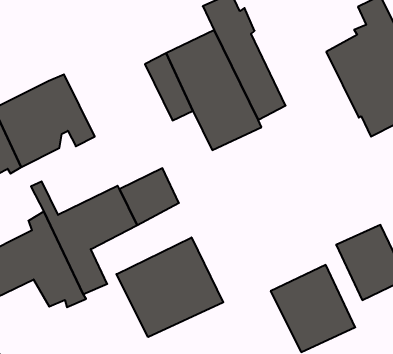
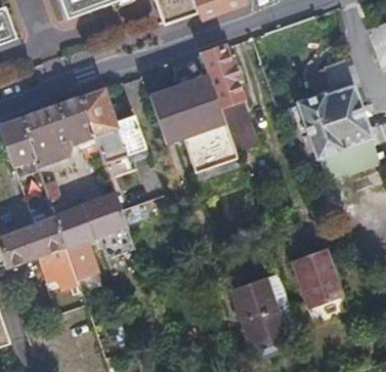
building: none -> [82,86,147,162]
building: [116,237,223,337] -> none

